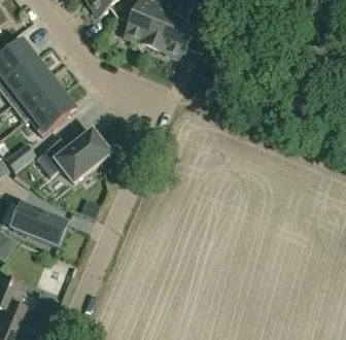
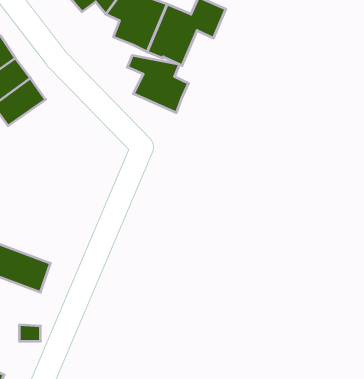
building: none -> [127,55,189,113]
building: [37,87,81,127] -> none
building: [35,131,109,181] -> none

